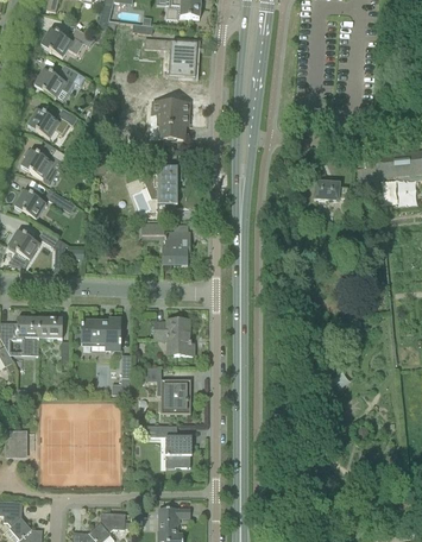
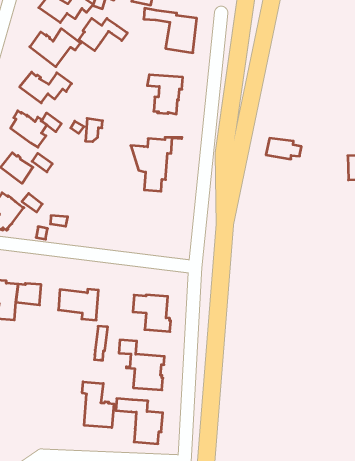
building: none -> [79,18,127,51]
building: [313,181,347,200] -> [266,138,301,159]
building: [141,222,190,264] -> none
building: none -> [82,382,114,428]

